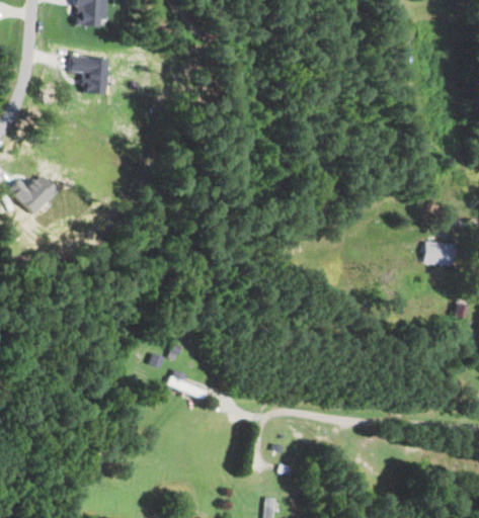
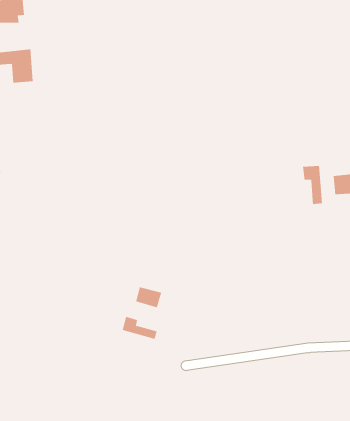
building: none -> [302,165,323,205]
building: none -> [135,287,162,308]

